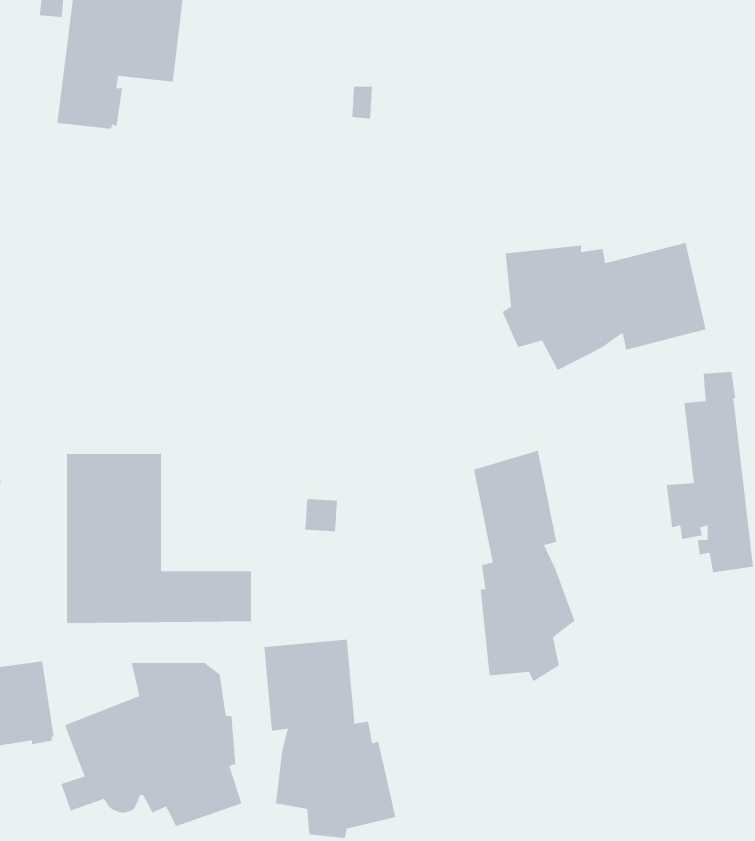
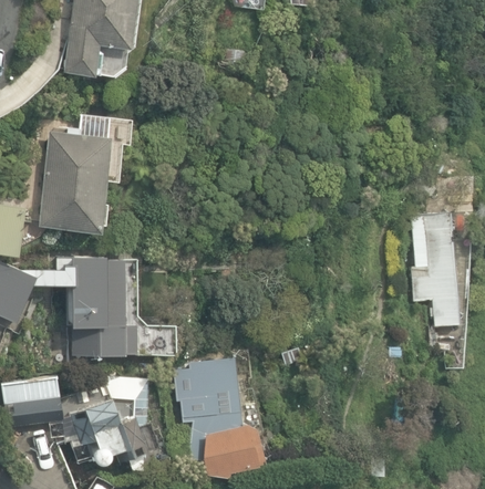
building: none -> [40,116,134,232]
building: [502,242,706,371] -> none
building: [474,450,575,682] -> none

